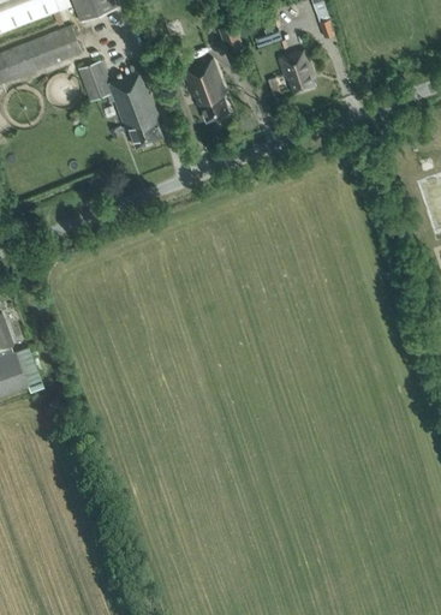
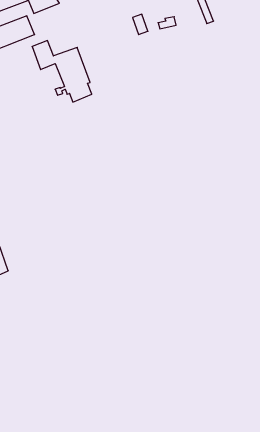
building: [278,50,315,95] -> none
building: [184,59,228,121] -> none

